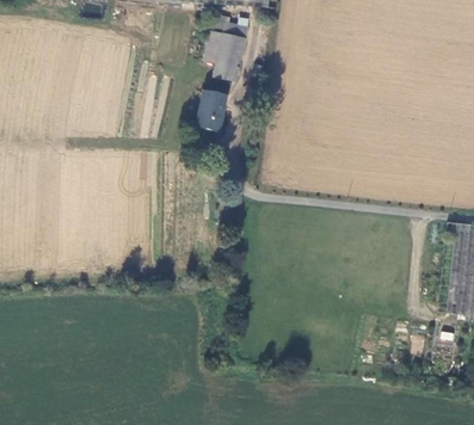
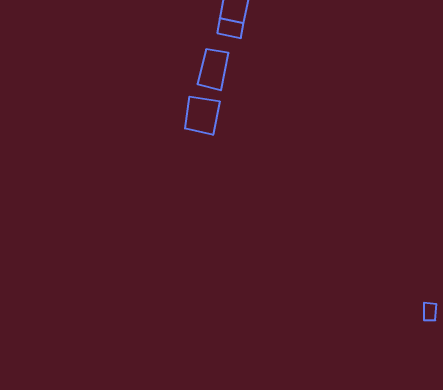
building: none -> [185,97,220,135]

